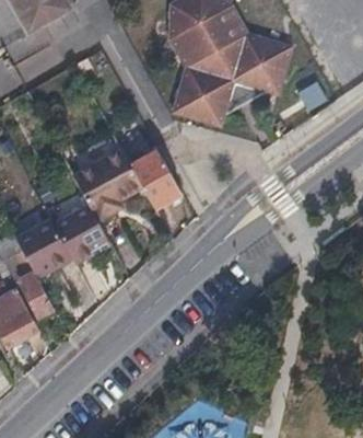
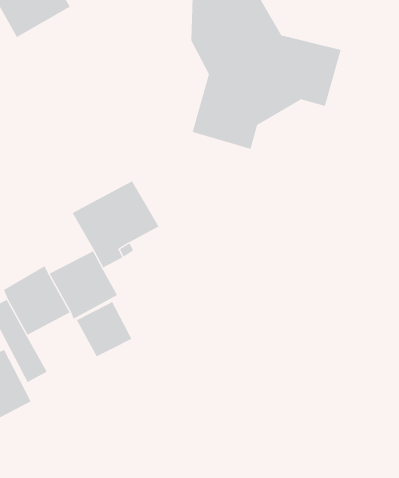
building: [131,152,183,210] -> none
building: none -> [76,301,132,357]

